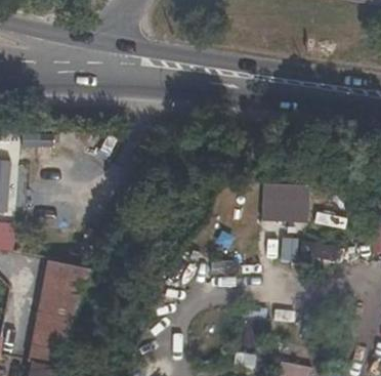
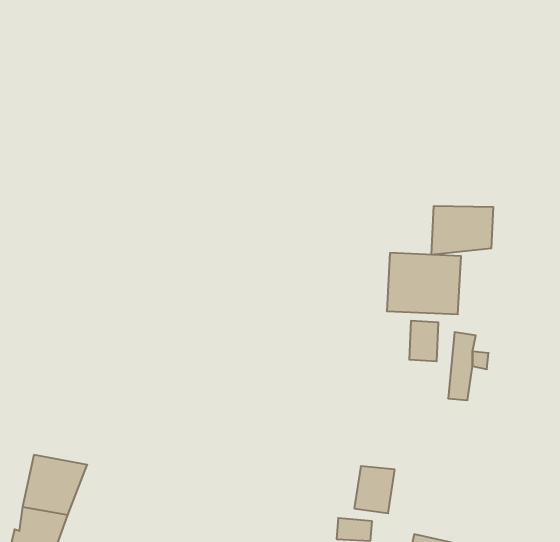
building: none -> [432,206,493,255]
building: [39,259,89,318] -> none

